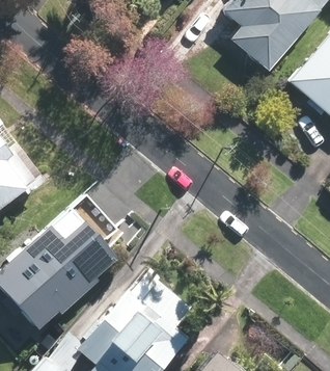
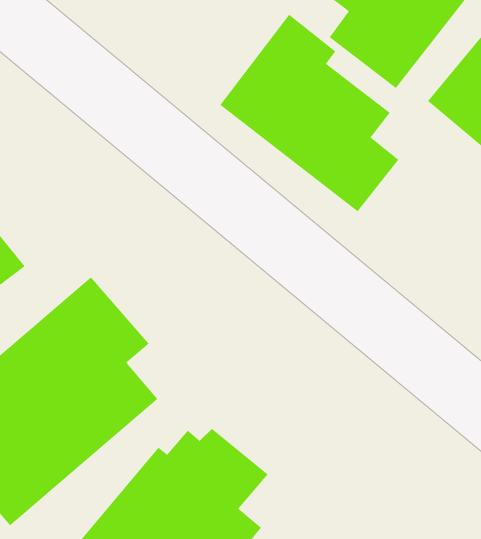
building: none -> [219,14,399,212]

